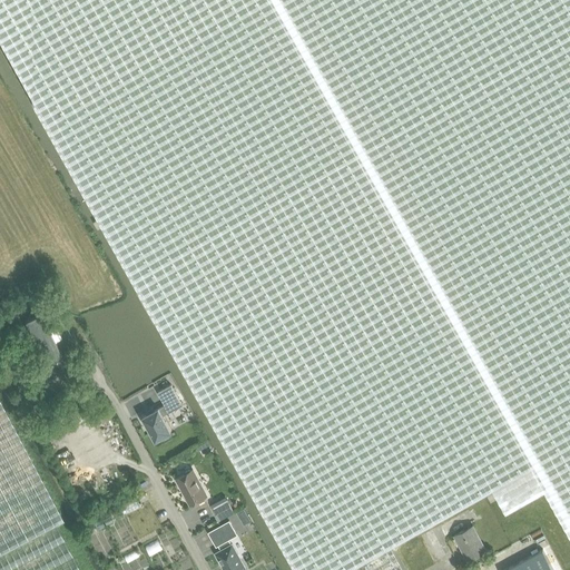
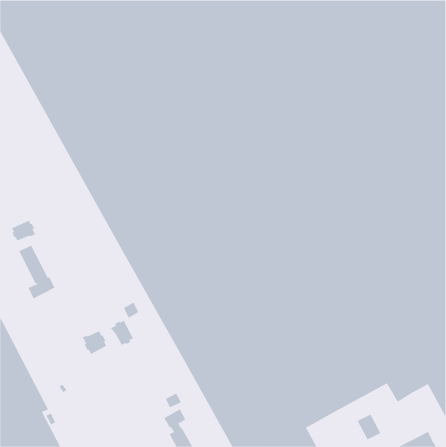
building: none -> [12,220,36,241]
building: none -> [82,331,107,355]
building: [176,470,208,504] -> none

